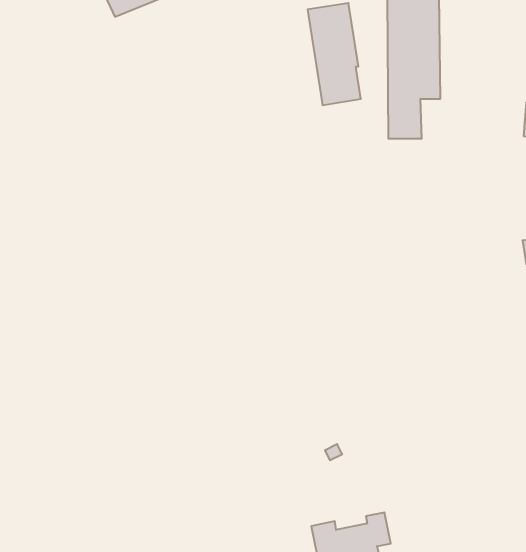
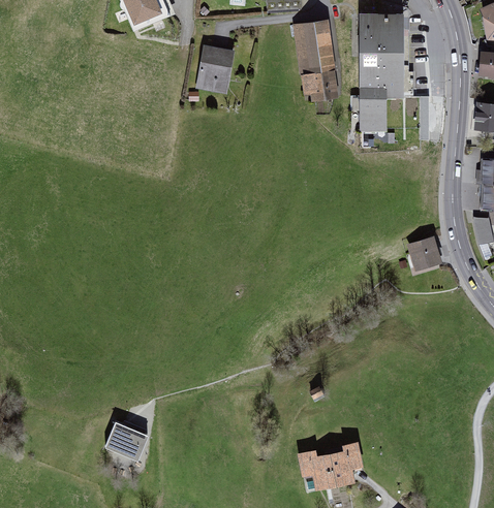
building: none -> [195,45,235,94]
building: none -> [409,237,438,265]
building: none -> [104,422,148,462]

